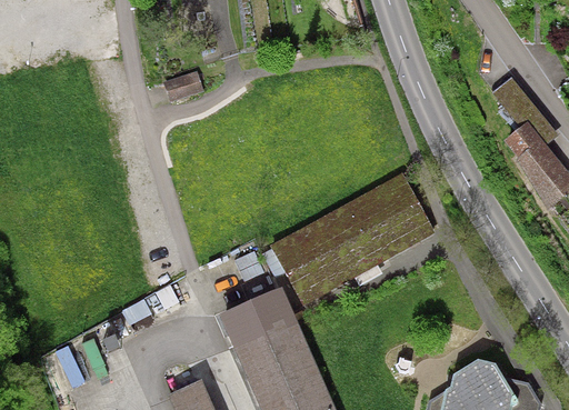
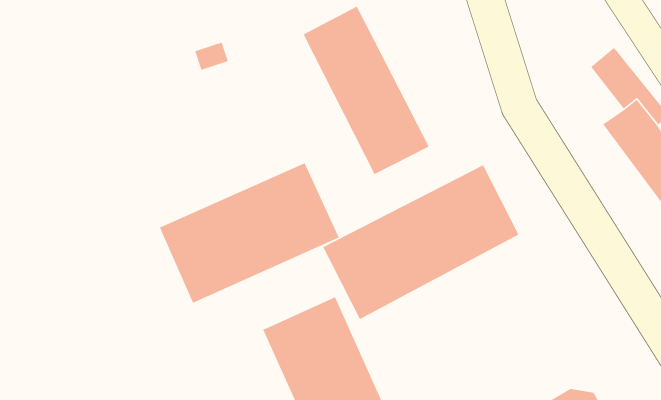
building: none -> [303,5,430,175]
building: none -> [159,162,340,304]

